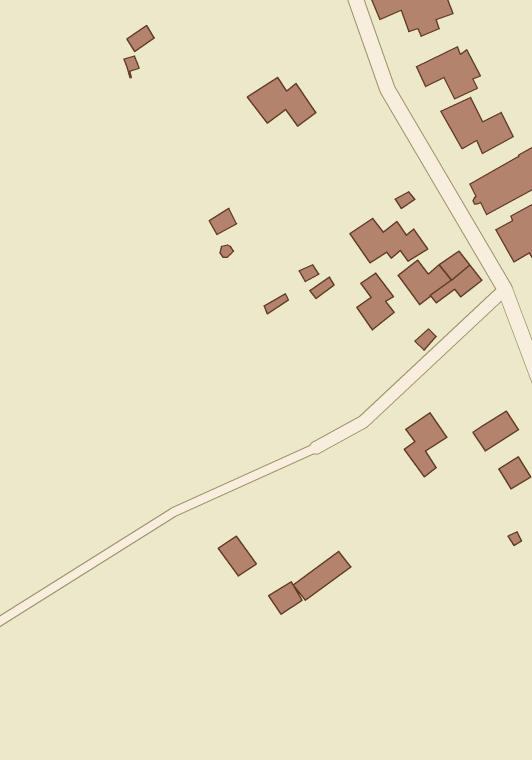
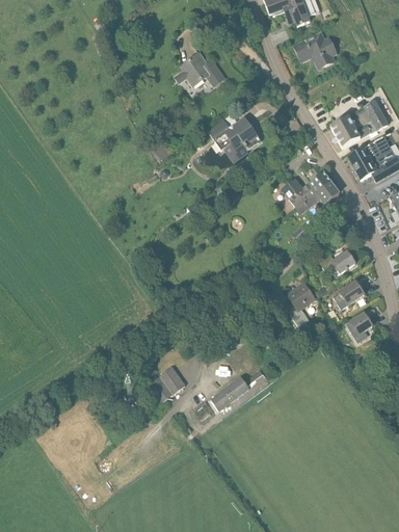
building: [441,97,513,154] -> none
building: [350,218,428,263] -> [207,118,260,149]
building: [357,273,394,330] -> none
building: none -> [319,249,354,272]

